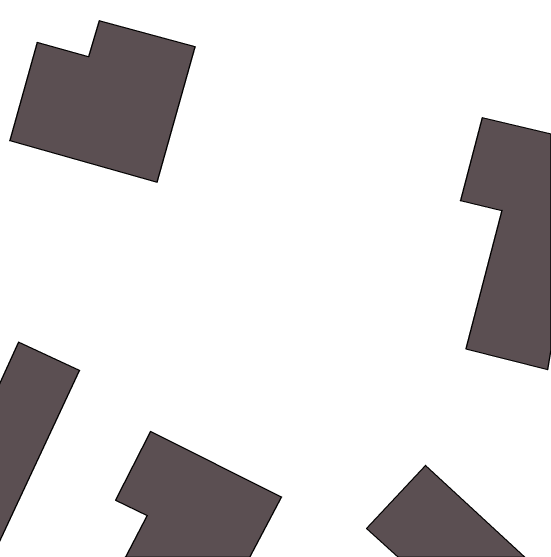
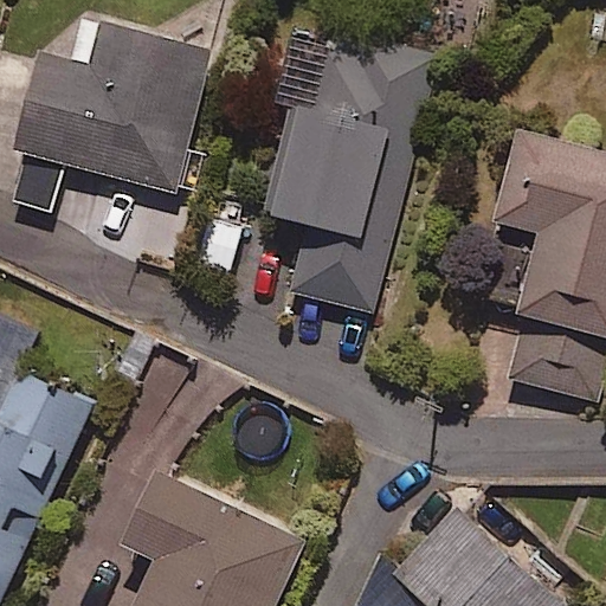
building: none -> [262,38,437,312]

